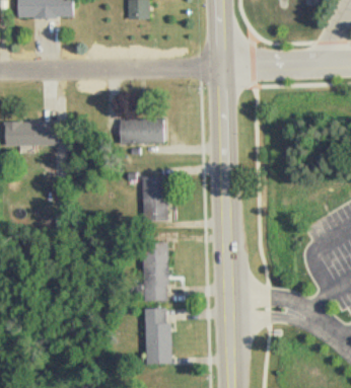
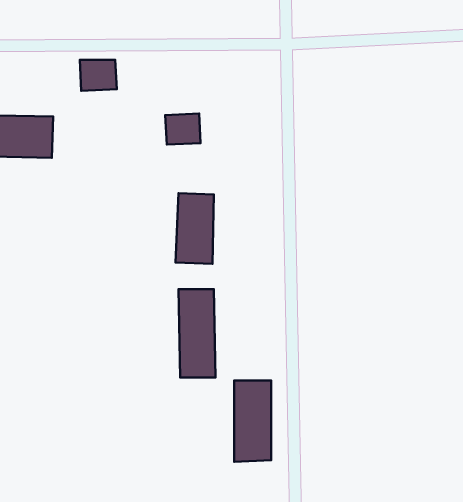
building: [110,121,135,142] -> [80,60,117,91]
building: [137,310,162,366] -> [234,381,271,462]

